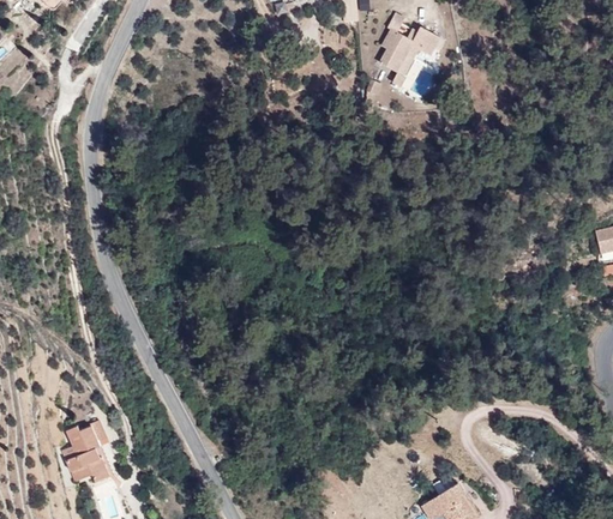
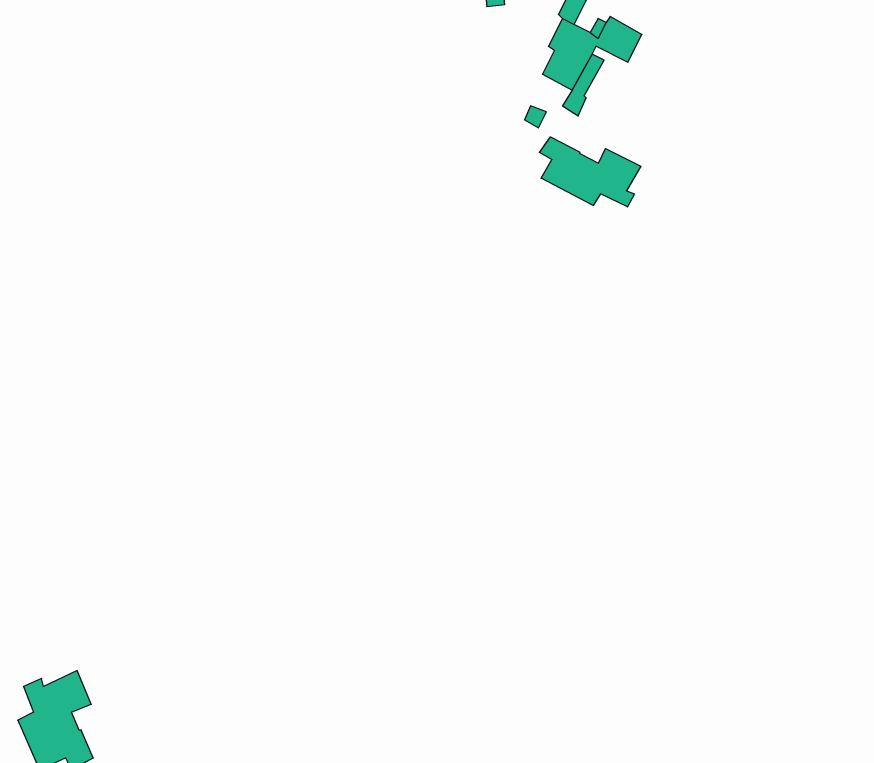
building: none -> [539,137,641,207]

